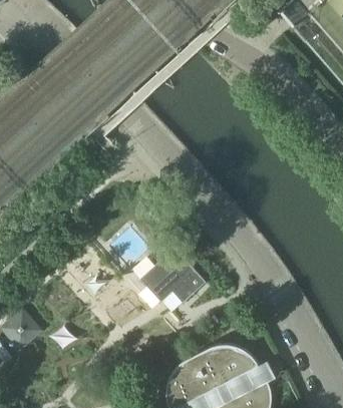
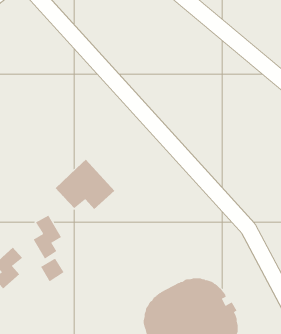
building: [139,247,206,303] -> [55,159,115,210]
building: none -> [33,215,62,259]

